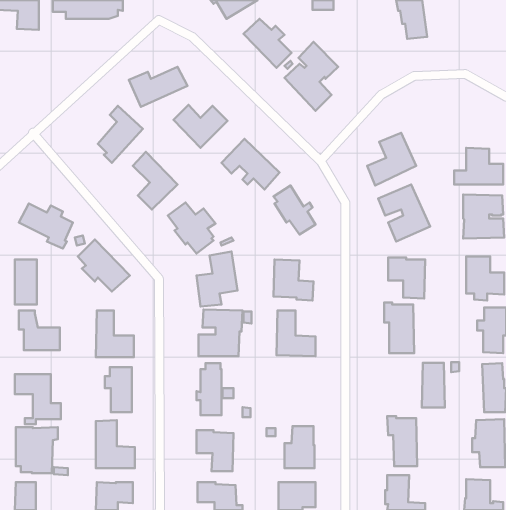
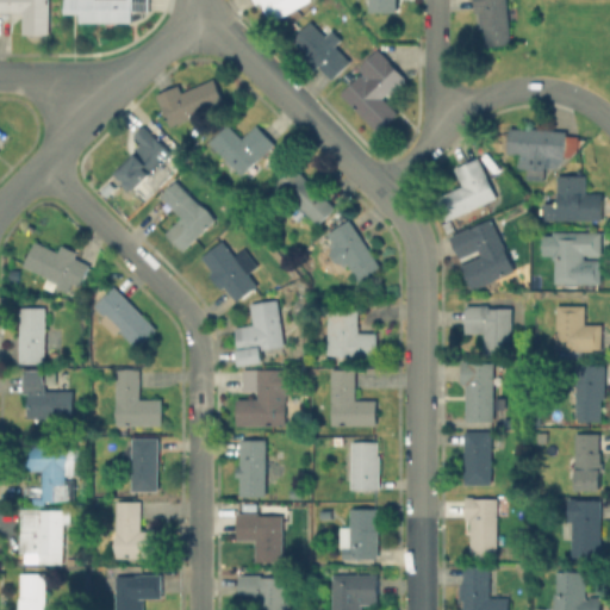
building: none -> [508,129,585,181]
building: [422,363,445,408] -> [465,432,492,486]
building: none -> [349,443,379,490]

